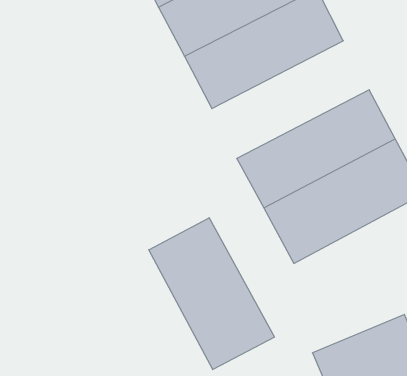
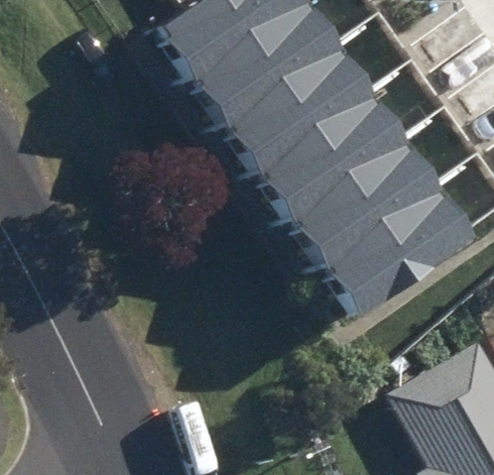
building: none -> [253,87,407,218]
building: [149,218,274,370] -> none

